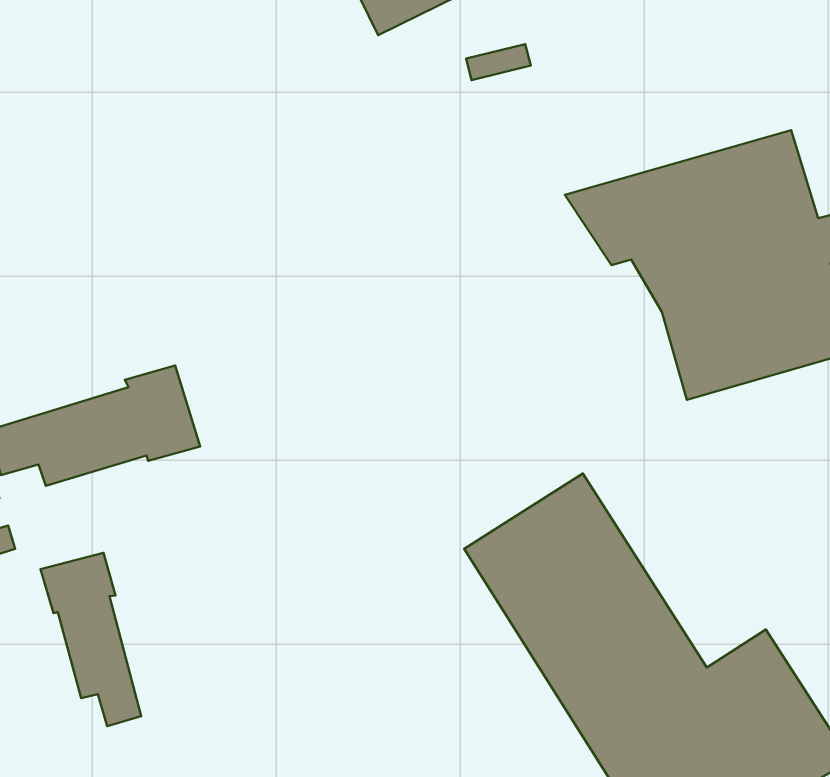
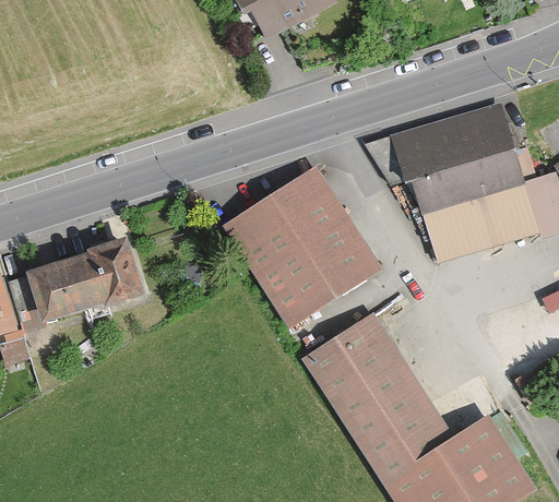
building: none -> [223,164,380,324]
building: [41,553,141,726] -> none

